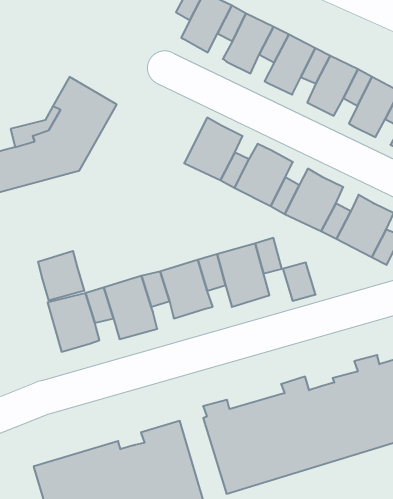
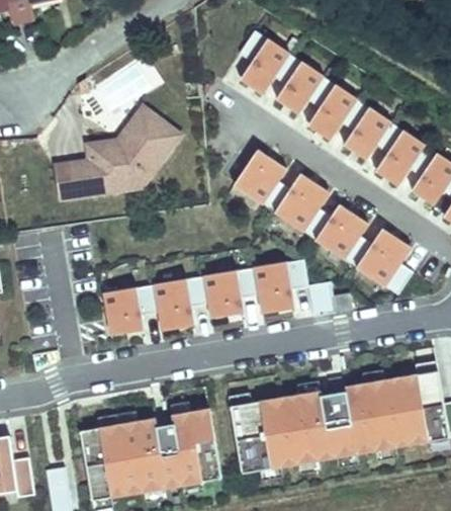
building: [38,251,84,300] -> none

